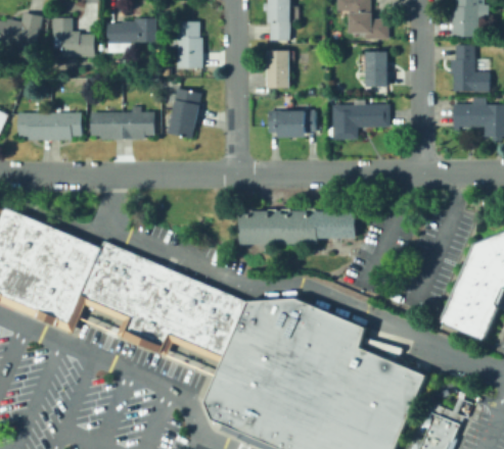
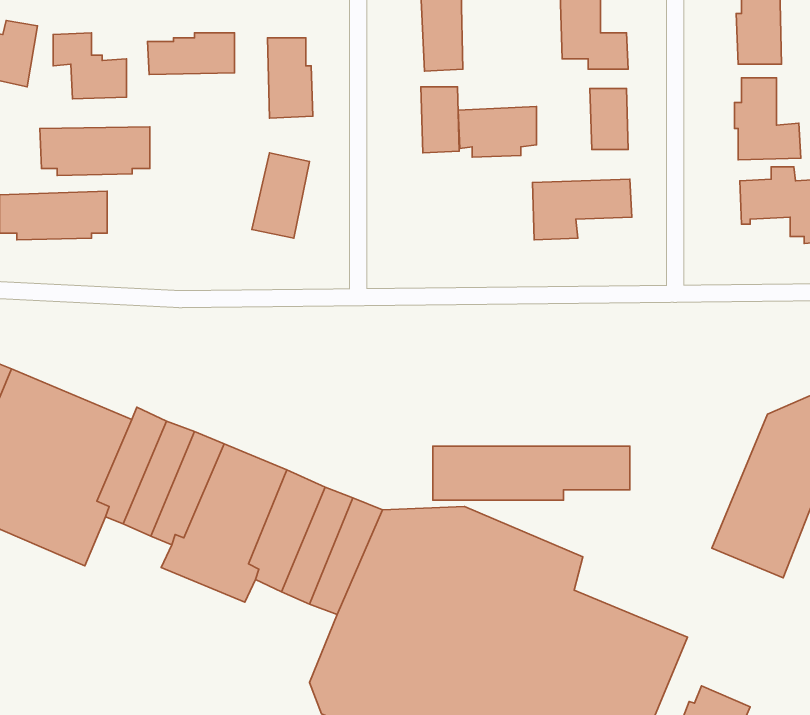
building: [270,110,316,140] -> [458,107,537,157]
building: [91,112,155,141] -> [40,127,150,175]
building: [238,210,354,242] -> [433,446,630,500]

